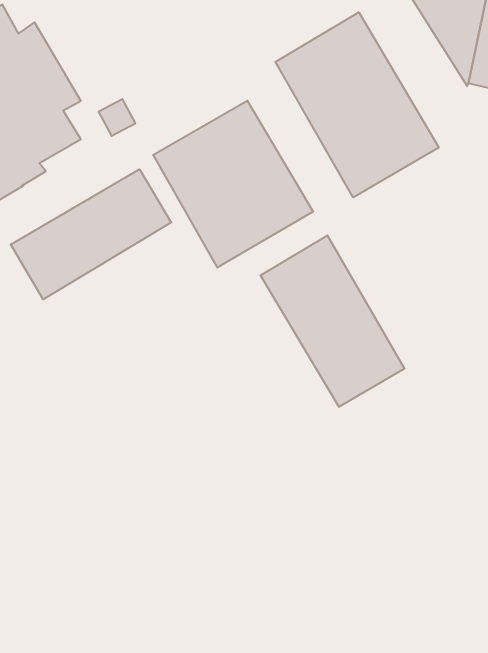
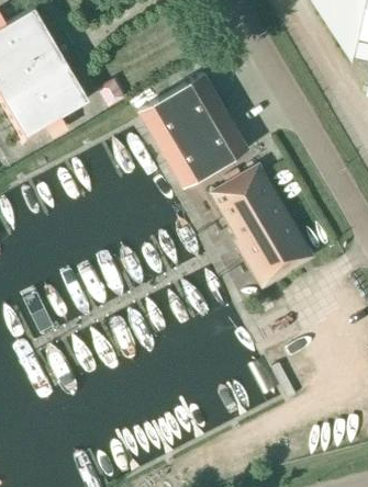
building: [275,12,439,197] -> none
building: [11,169,171,299] -> none

